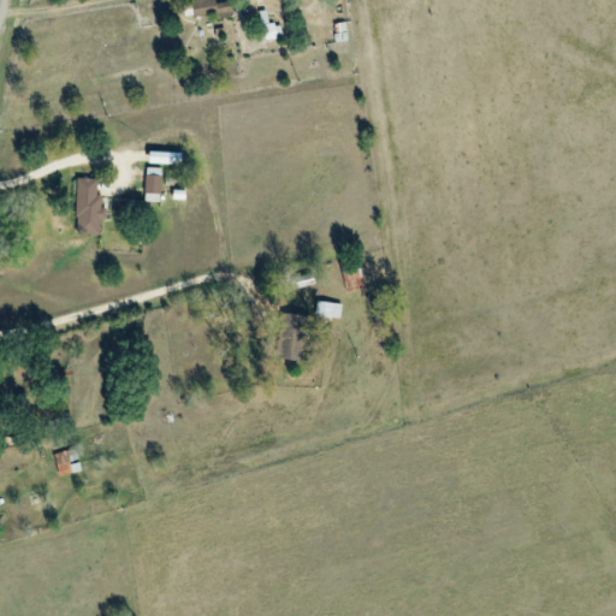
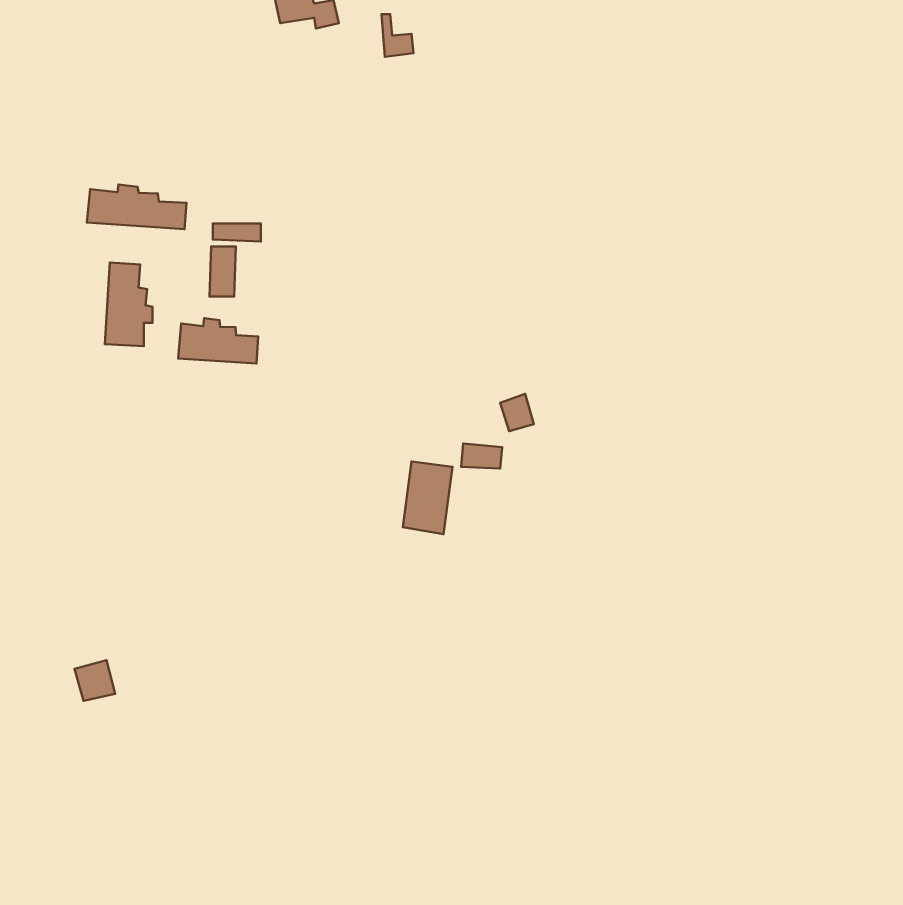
building: none -> [87,185,187,229]
building: none -> [178,318,258,363]

